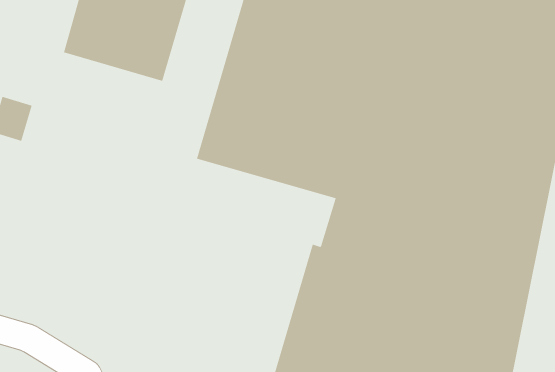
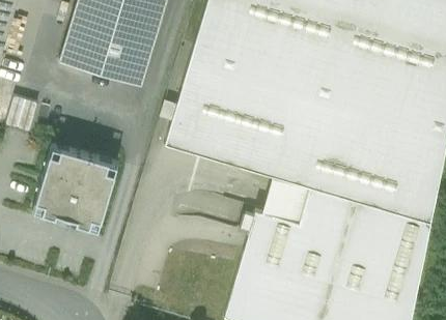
building: none -> [31,144,116,229]

